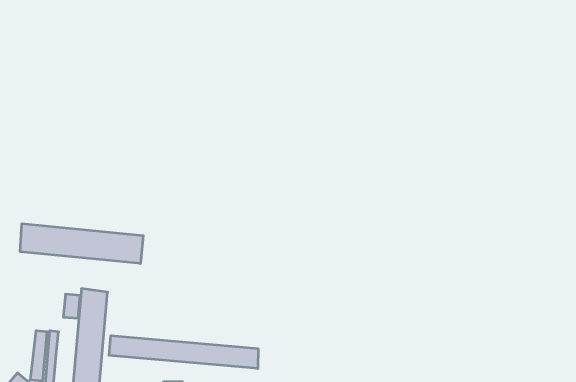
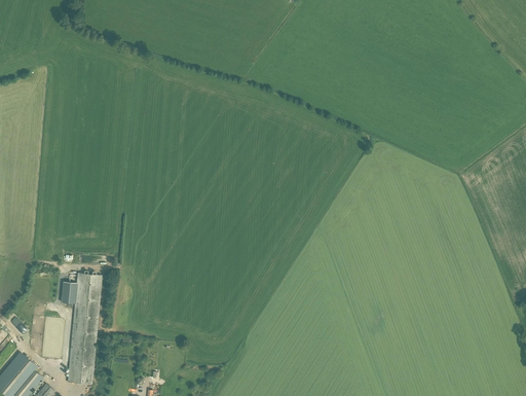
building: [20,224,143,264] -> none
building: [109,336,258,369] -> none

